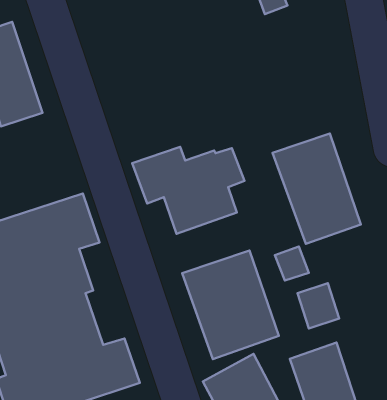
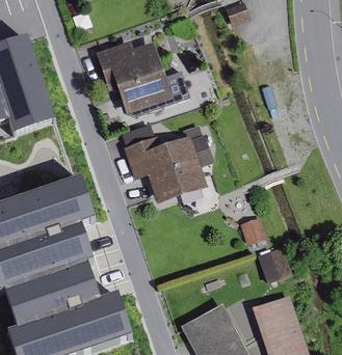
building: none -> [95,40,173,115]
building: [273,133,361,244] -> none
building: [182,250,279,359] -> none

